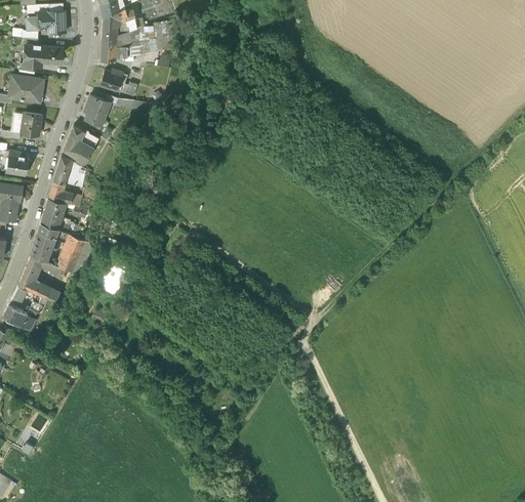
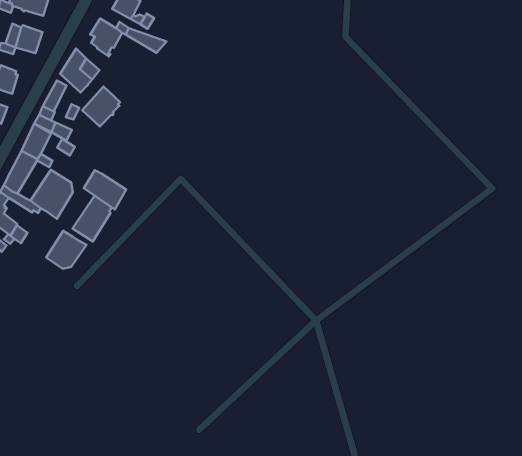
building: none -> [82,87,120,127]
building: none -> [84,170,126,209]
building: none -> [46,231,86,269]

